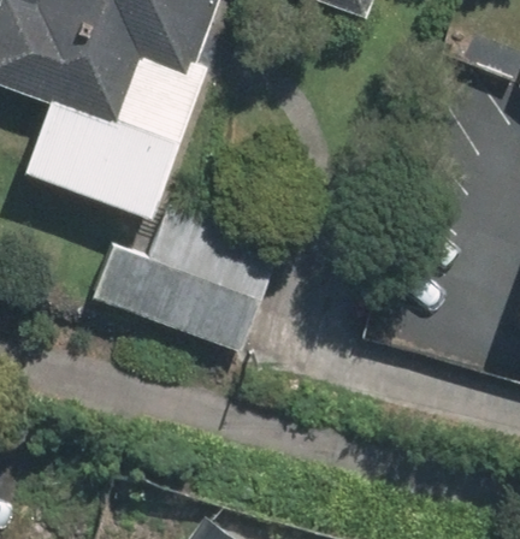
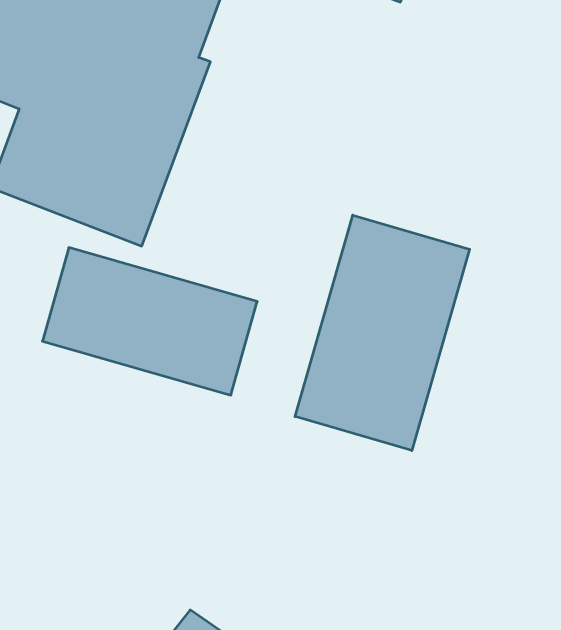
building: none -> [295,215,470,451]

